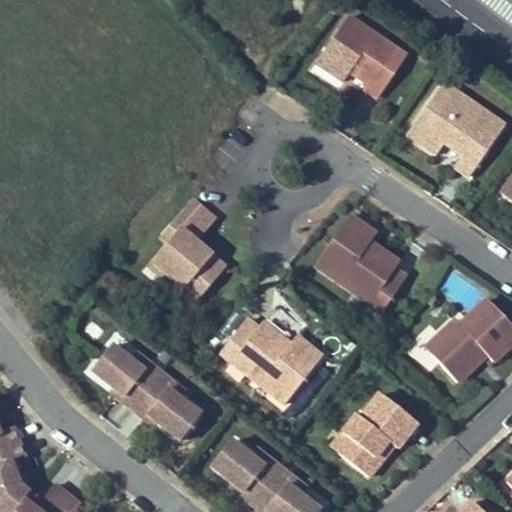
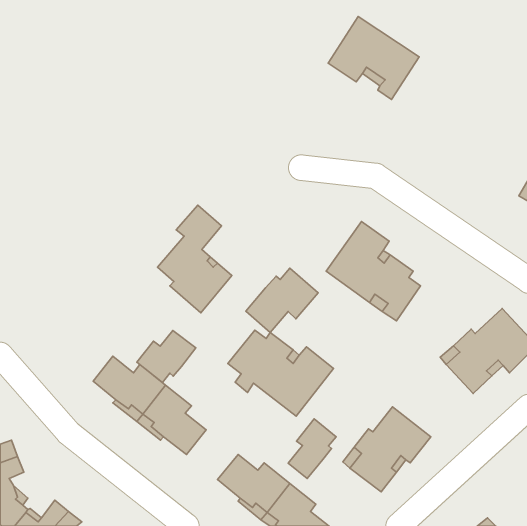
building: [410,83,506,175] -> none
building: none -> [246,268,318,332]
building: none -> [137,330,196,383]
building: none -> [288,419,336,478]

